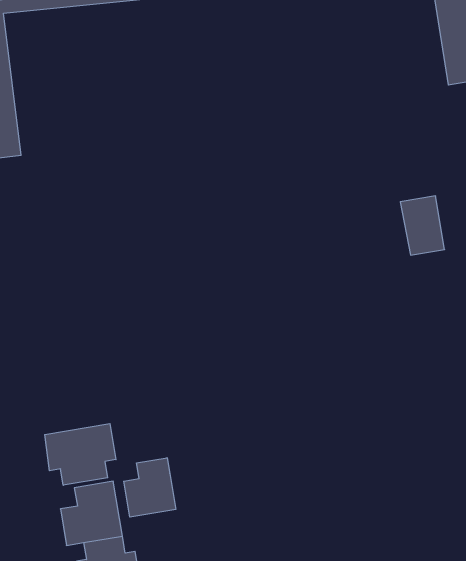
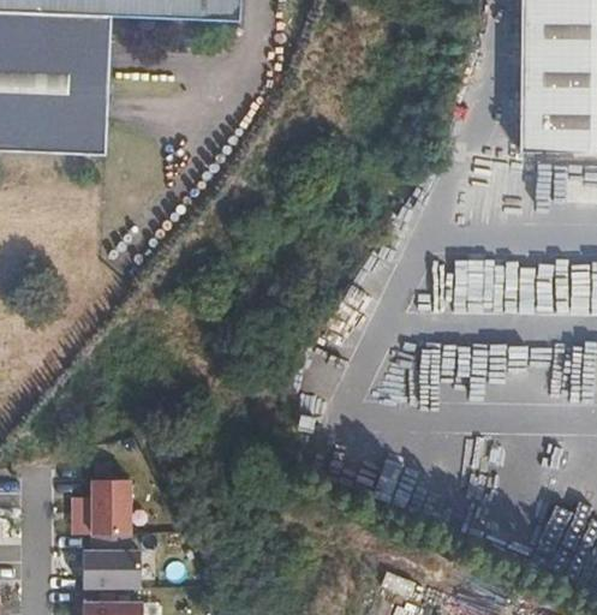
building: [45,424,116,485] -> none
building: [124,458,176,517] -> none

